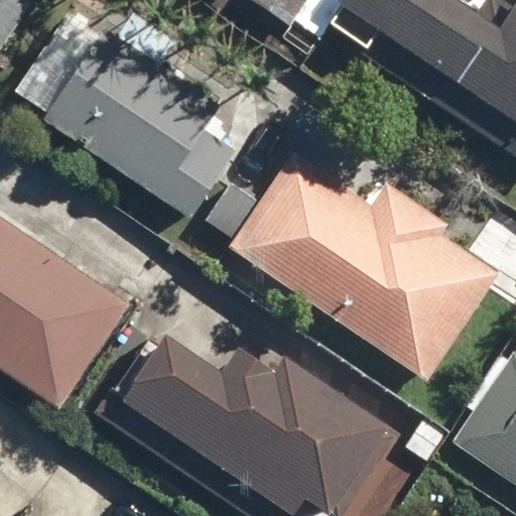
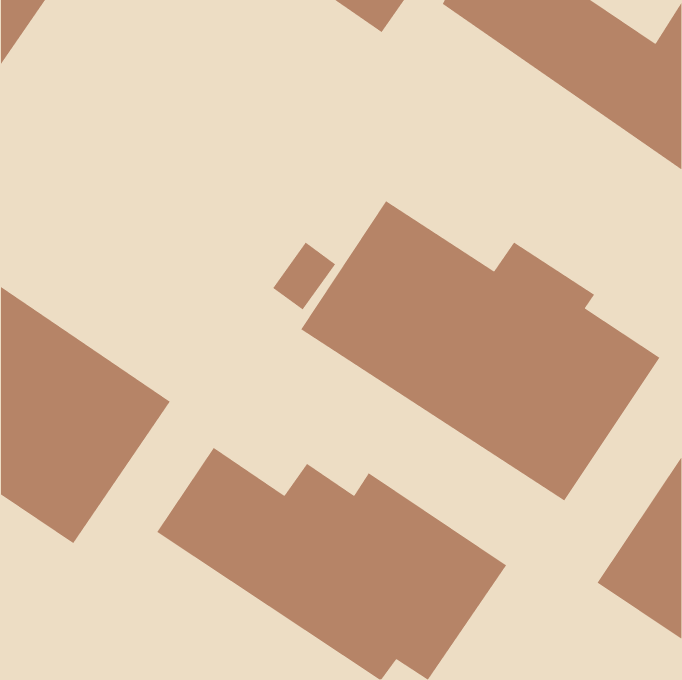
building: [39,24,229,222] -> none

